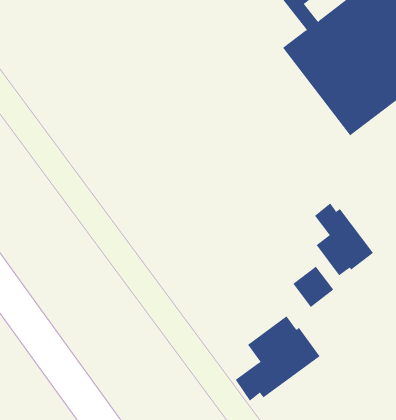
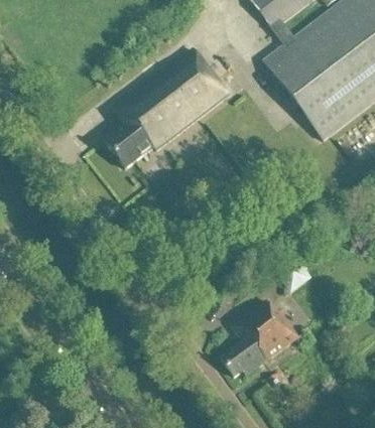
building: none -> [104,47,230,166]
building: [314,203,374,276] -> none

